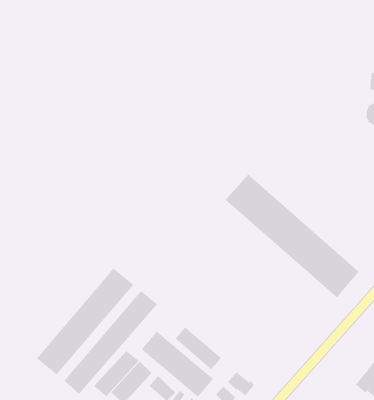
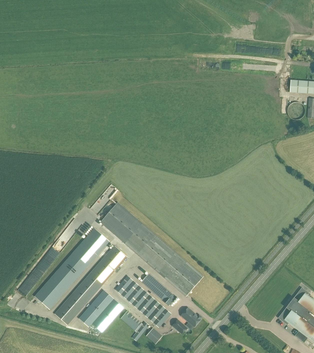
building: [225,174,359,298] -> [99,201,202,296]

